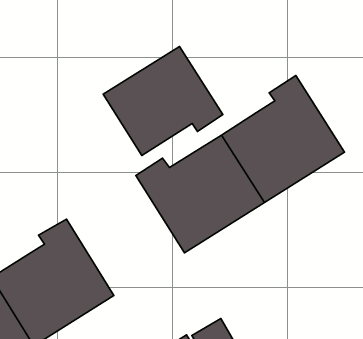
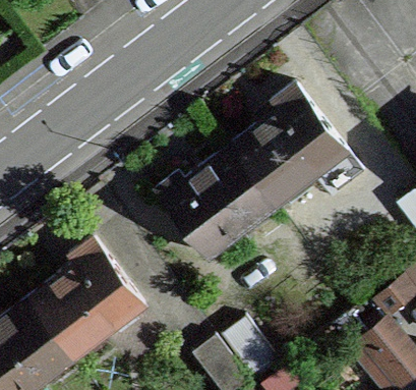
building: [103,46,223,155] -> none

